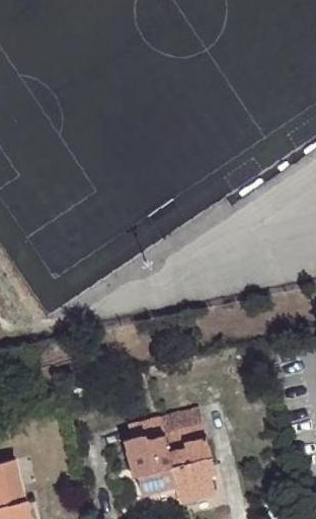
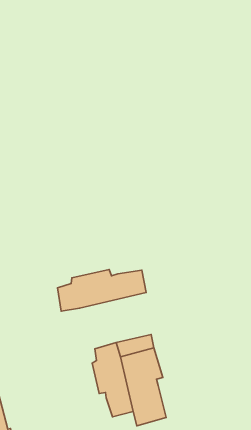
building: none -> [57,269,146,311]

